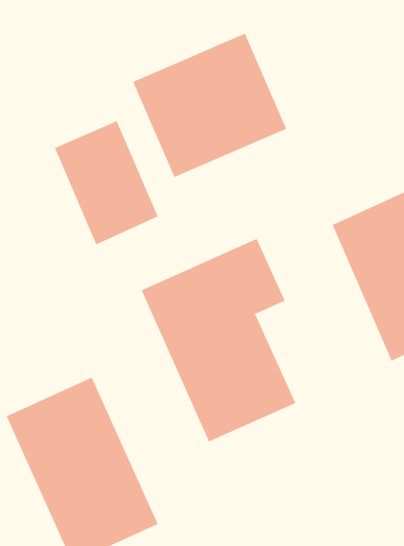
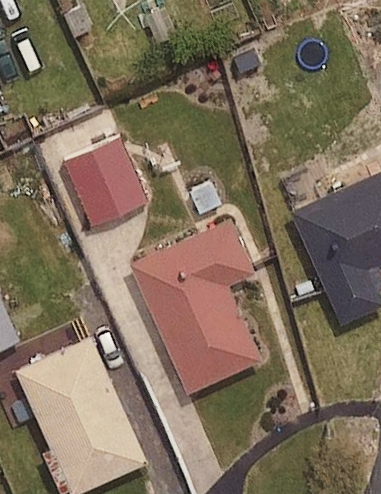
building: [133,33,287,178] -> none

